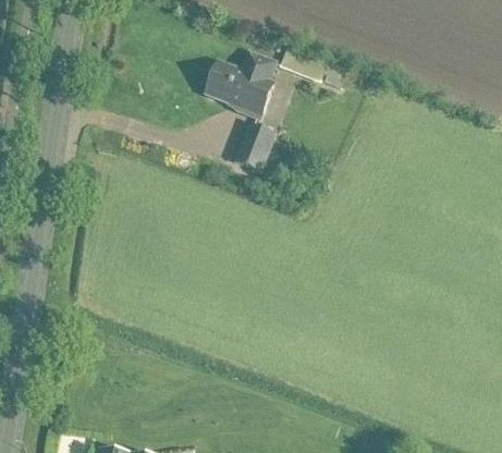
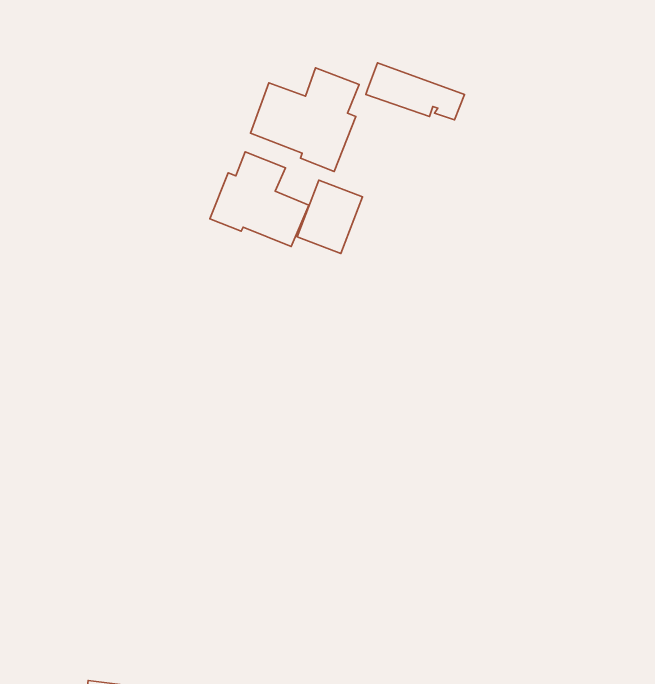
building: none -> [210,152,309,246]

